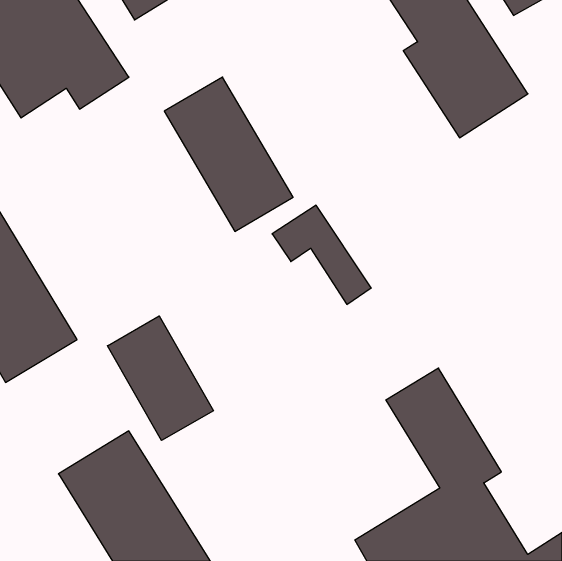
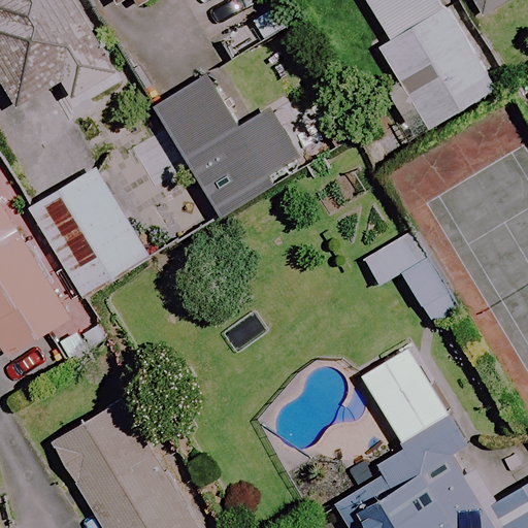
building: none -> [29,166,148,297]
building: [272,205,371,304] -> [364,232,457,325]
building: [107,316,213,440] -> none

